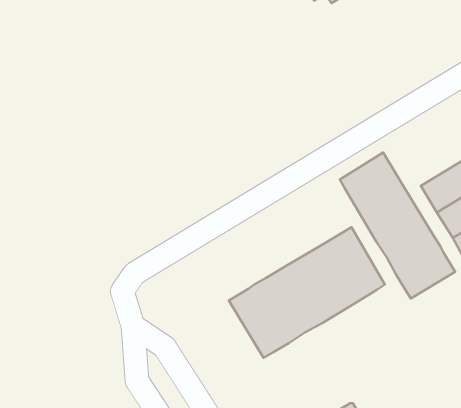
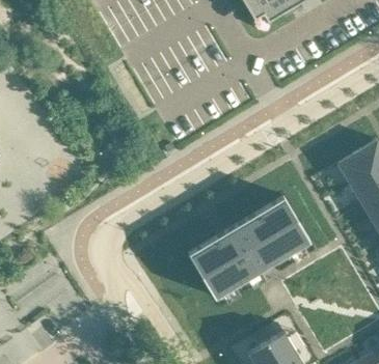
building: [340,152,455,298] -> none

